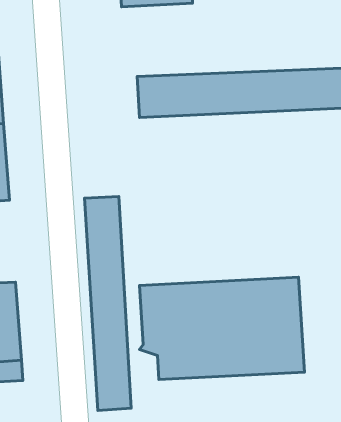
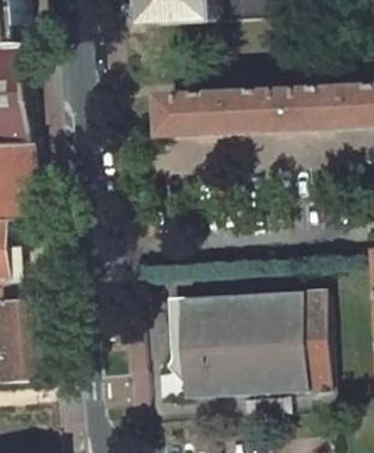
building: [84,197,131,410] -> none

